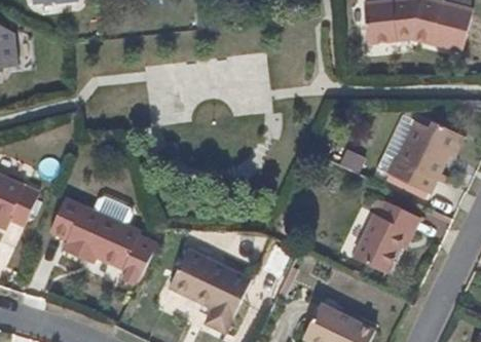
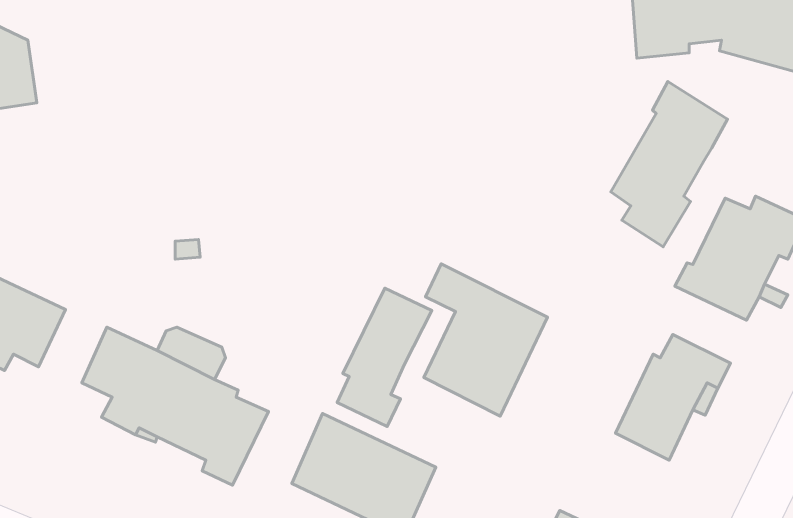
building: none -> [611,82,727,247]
building: none -> [424,264,547,416]
building: none -> [337,288,432,426]

